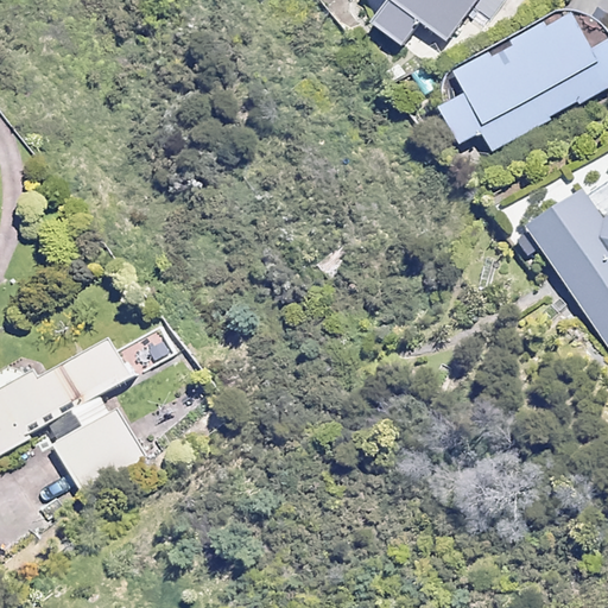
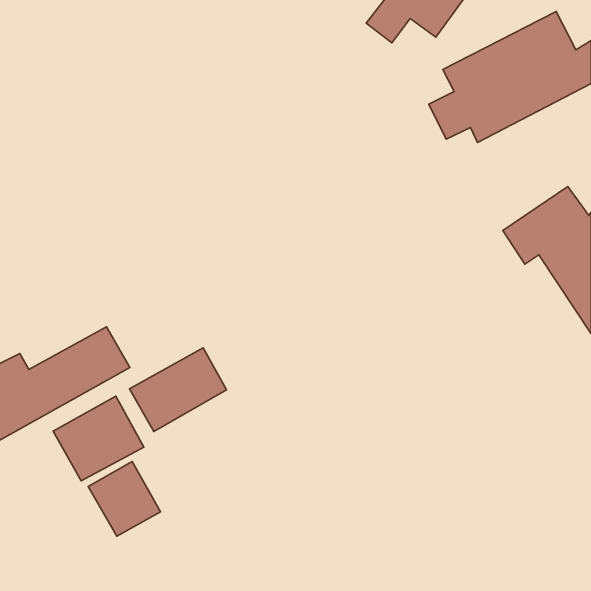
building: none -> [129,348,226,431]
building: none -> [88,461,160,536]

